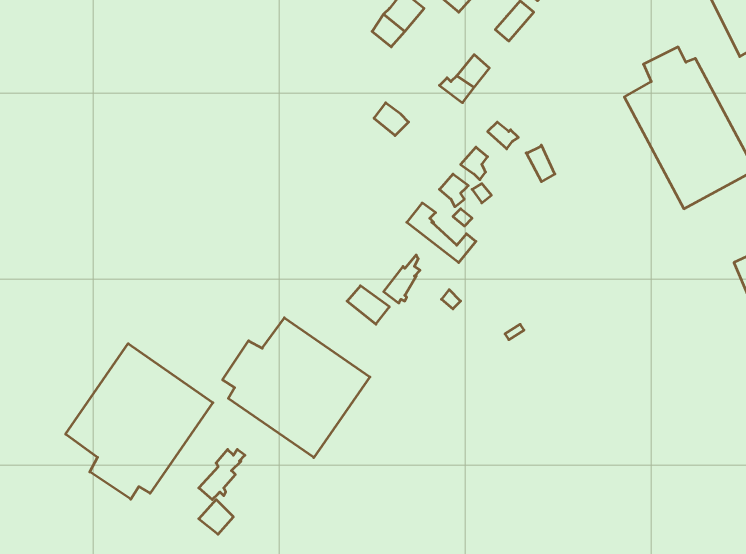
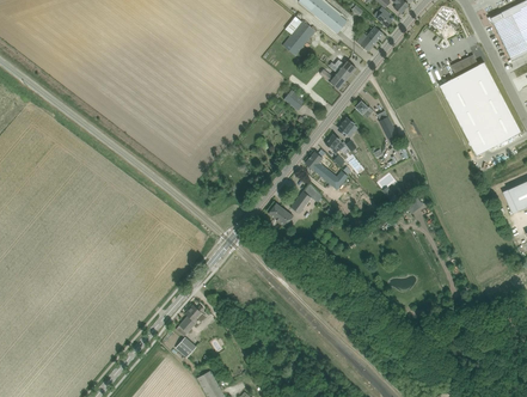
building: [223,318,370,458] -> none
building: [66,344,213,499] -> none

